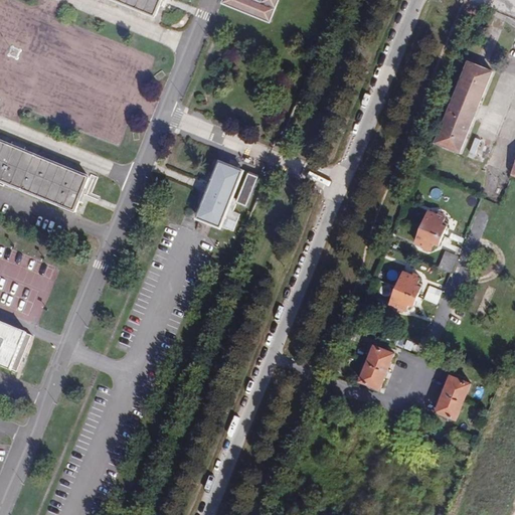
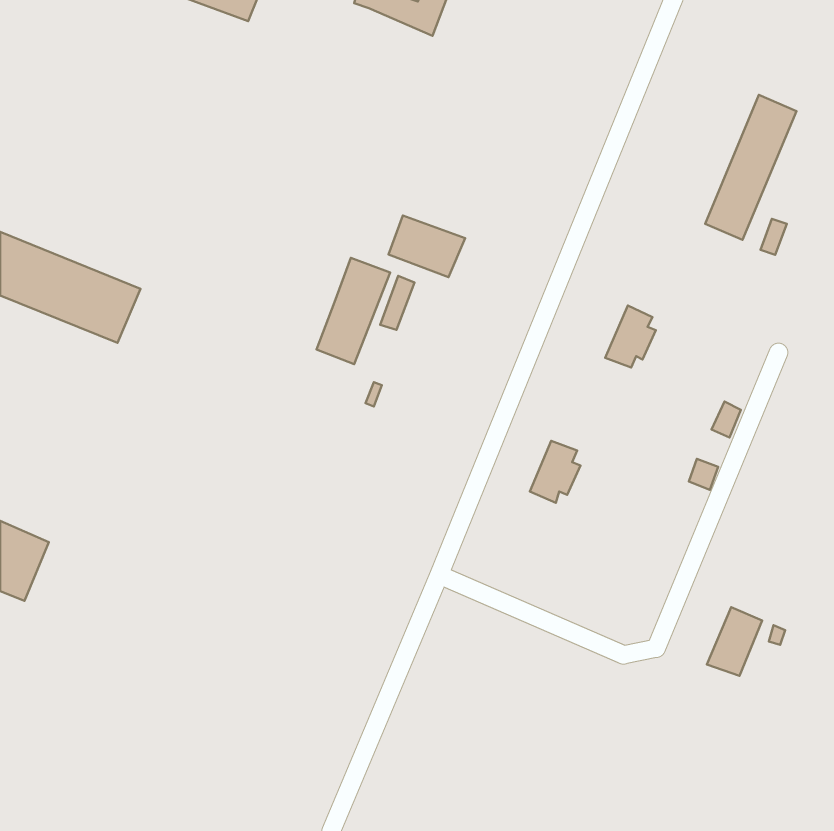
building: none -> [388,216,465,277]
building: [414,206,446,244] -> [605,306,656,368]
building: [389,267,420,305] -> [530,441,580,503]
building: [359,339,393,382] -> none

